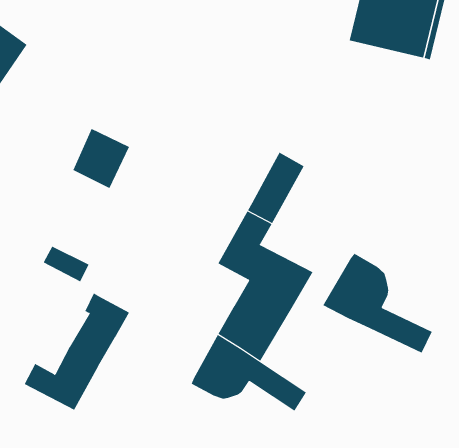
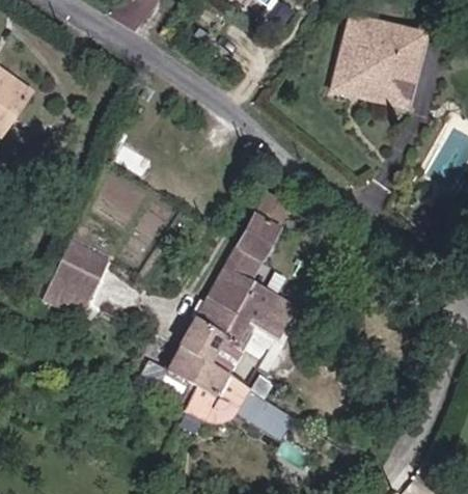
building: [72,128,130,189] -> [53,241,107,298]
building: [322,253,433,353] -> none
building: [24,292,130,411] -> [138,294,238,405]

